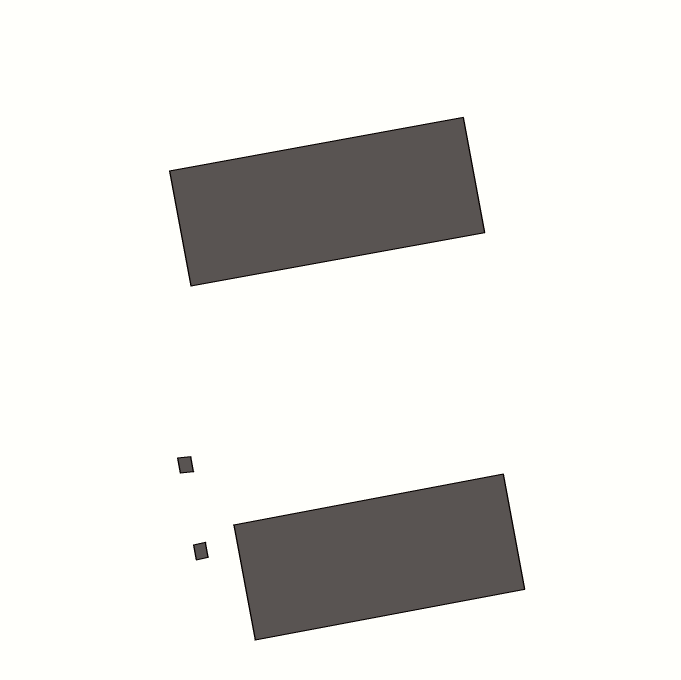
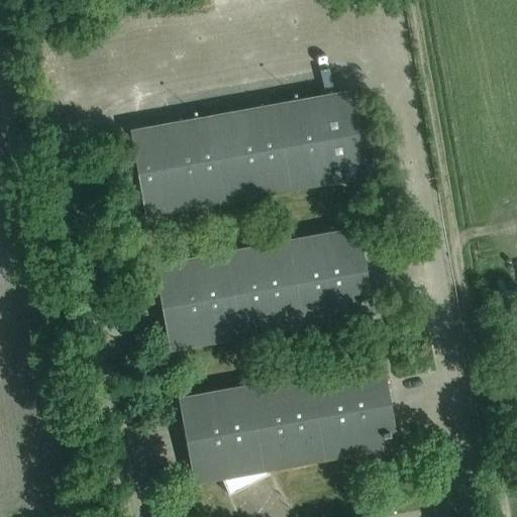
building: none -> [153,228,374,350]

